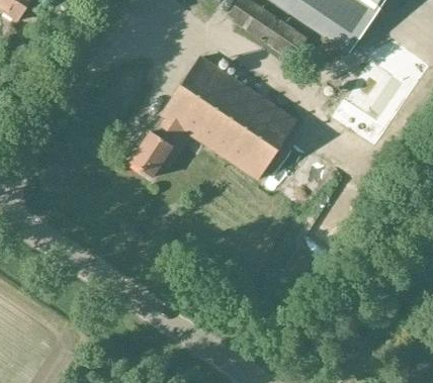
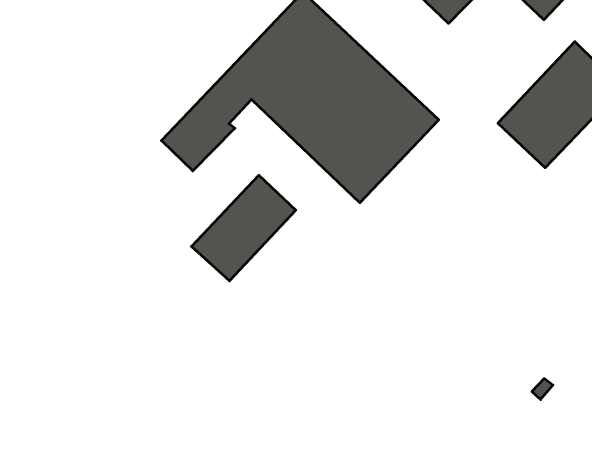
building: none -> [191,175,296,281]

